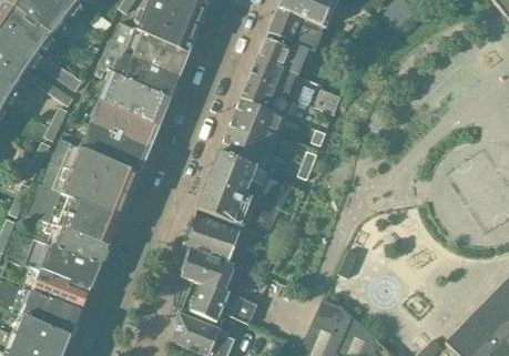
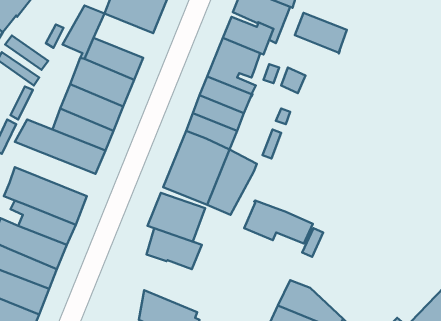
building: none -> [295,13,347,53]
building: [128,33,187,78] -> none
building: [39,162,130,216] -> none
building: [191,281,259,324] -> [244,200,313,244]

